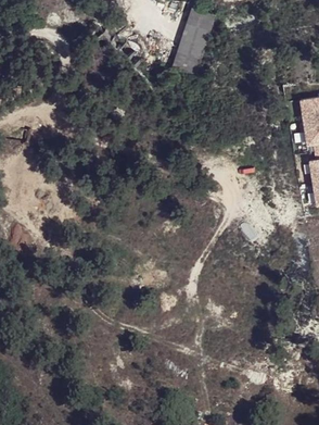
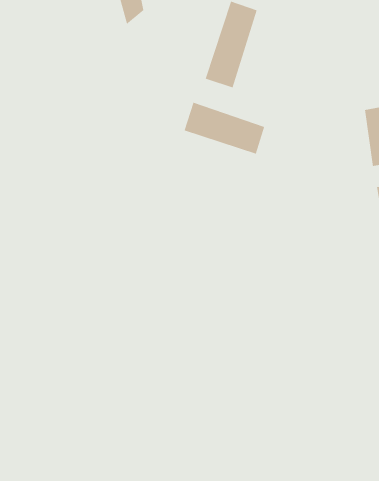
building: none -> [184,102,265,155]

